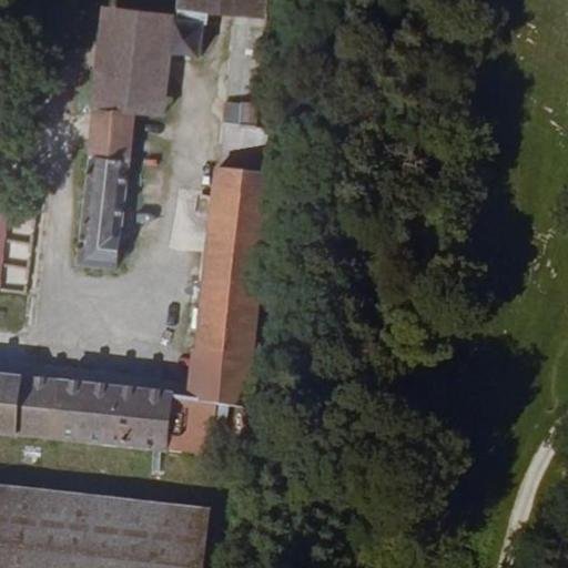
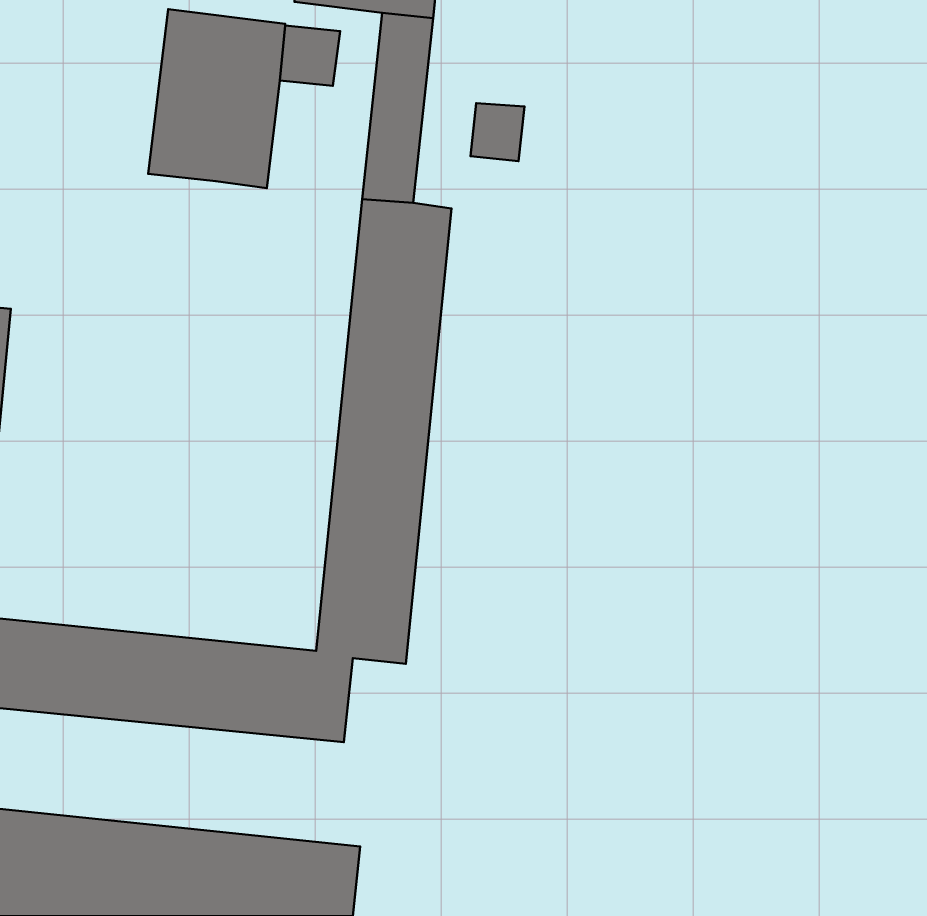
building: none -> [470,103,524,161]
building: [74,105,131,266] -> none

